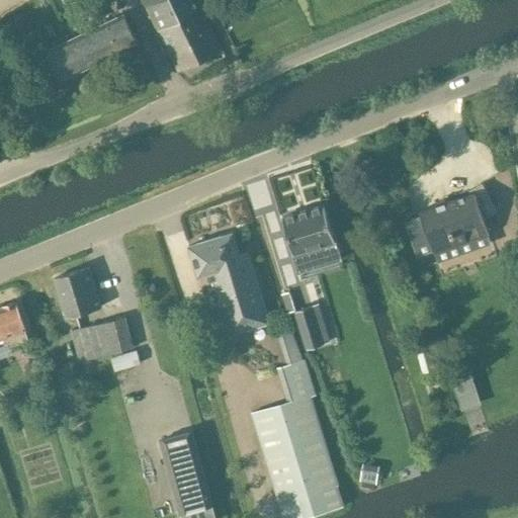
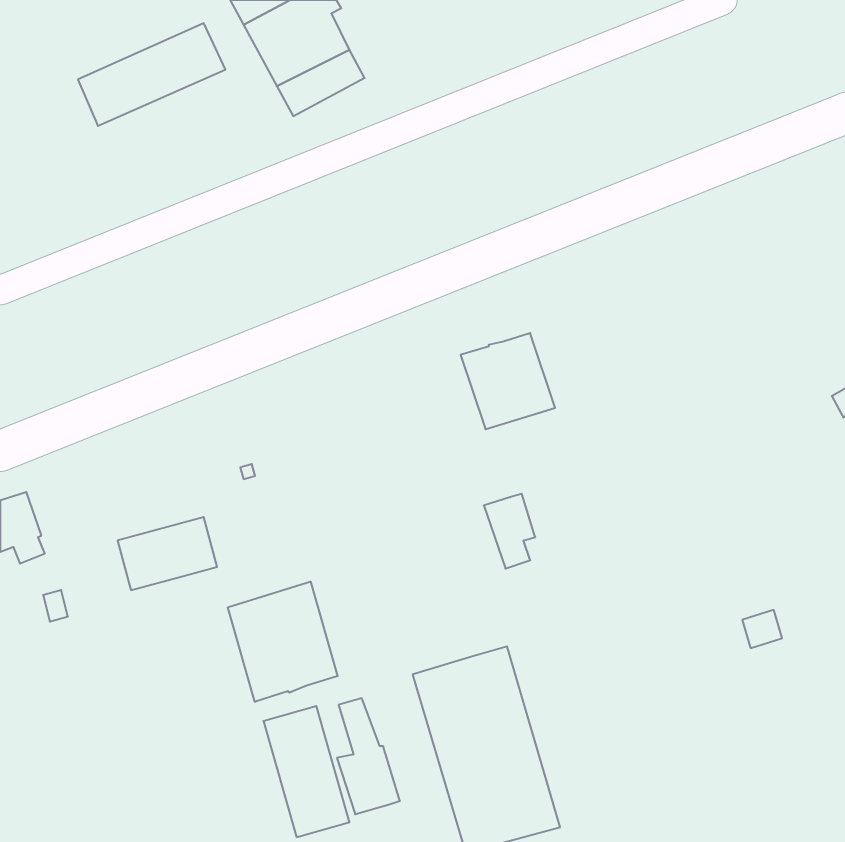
building: [406,186,497,255] -> none
building: [190,235,269,336] -> none
building: [55,271,102,320] -> none
building: [278,333,317,404] -> [337,698,400,814]
building: none -> [228,582,338,702]

